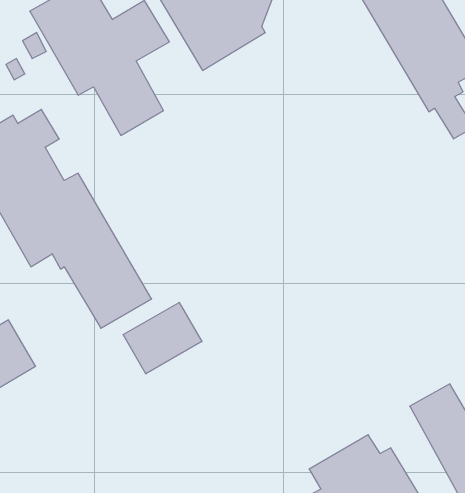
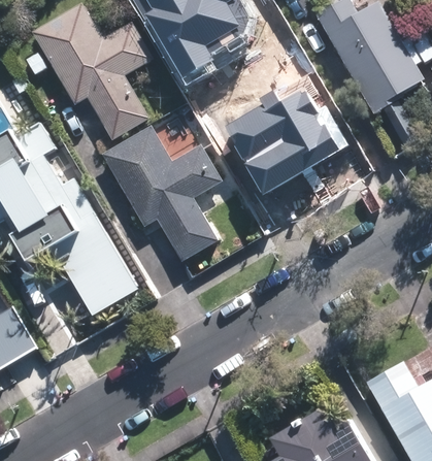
building: none -> [224,86,346,192]
building: none -> [102,127,223,264]
building: [123,302,202,374] -> none

